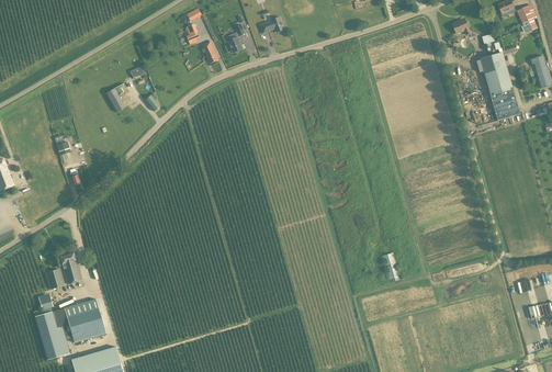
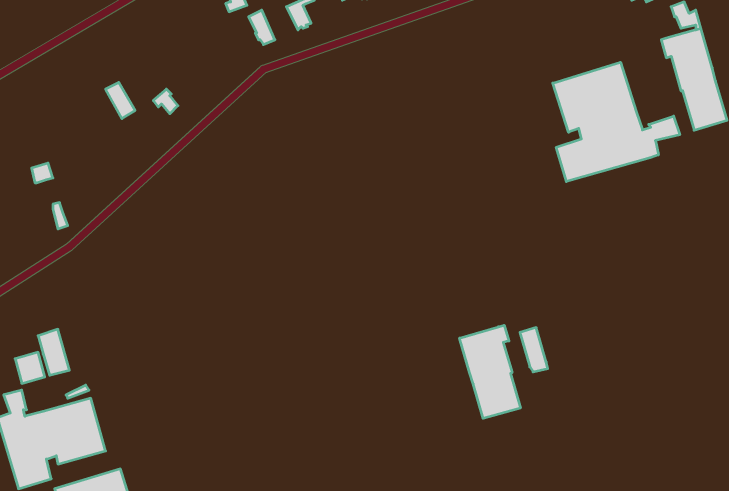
building: none -> [553,62,680,182]
building: none -> [460,325,520,418]

